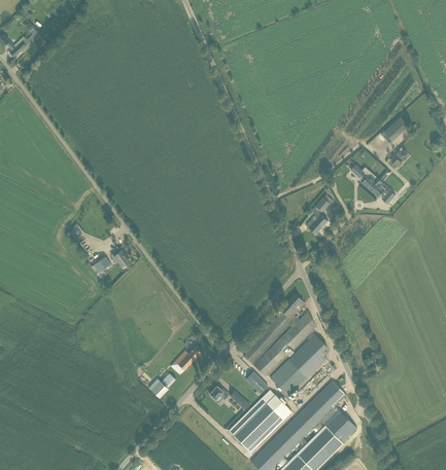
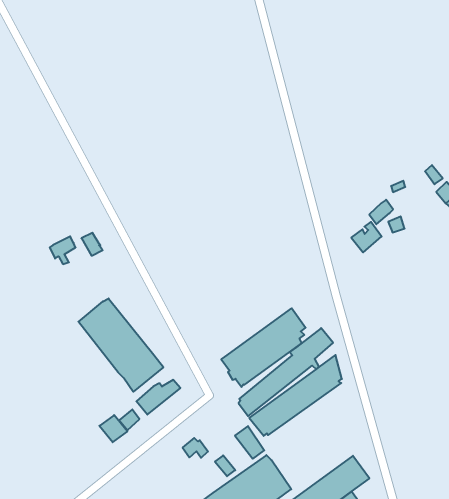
building: none -> [78,298,163,392]
building: [270,333,327,395] -> [221,308,306,387]

